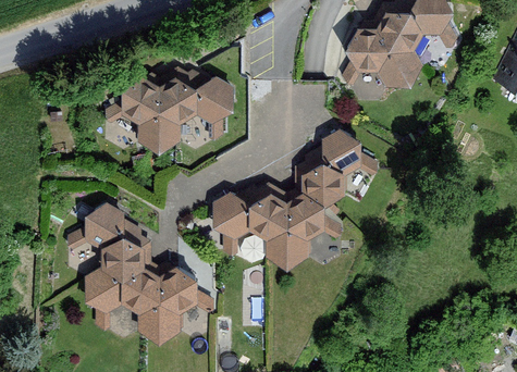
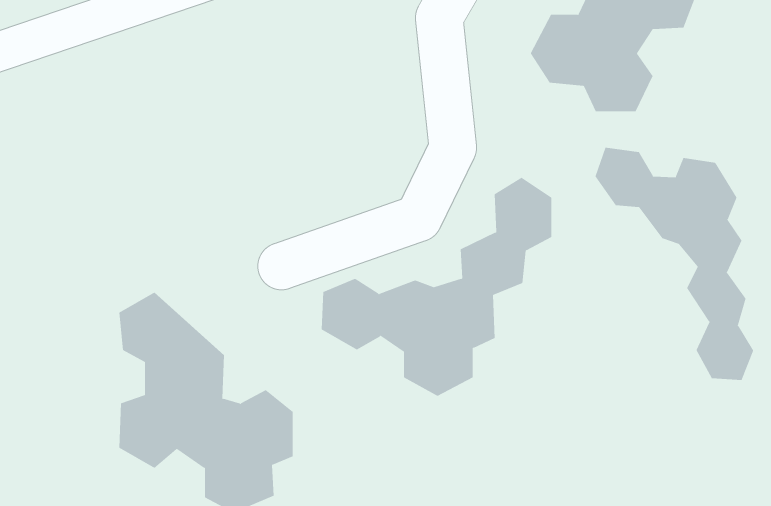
building: [120,77,233,153] -> none
building: none -> [595,147,754,381]

